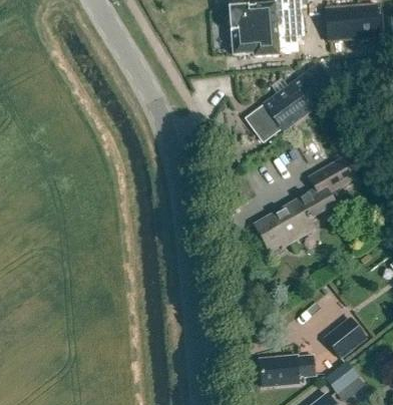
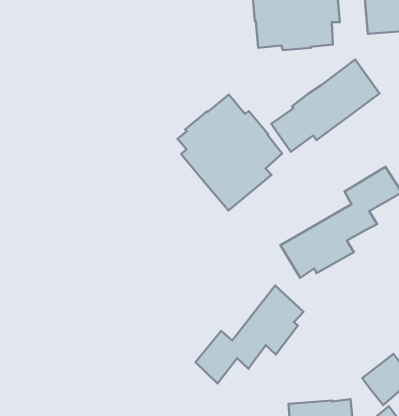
building: none -> [178,94,282,211]
building: none -> [195,285,304,383]

